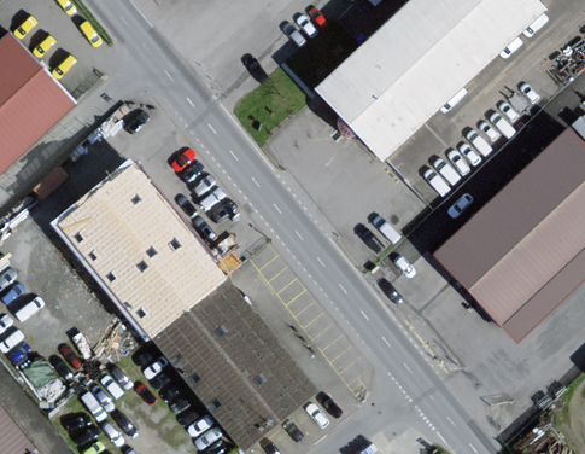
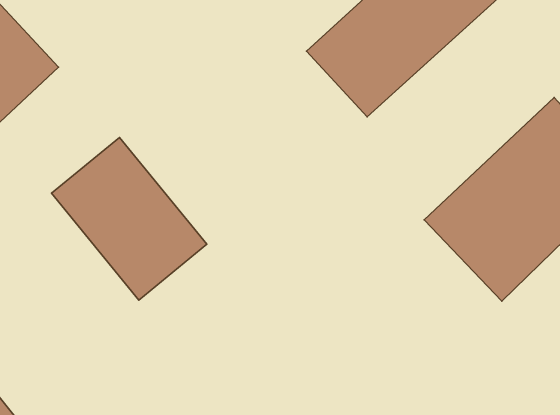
building: [157,279,312,441] -> none

